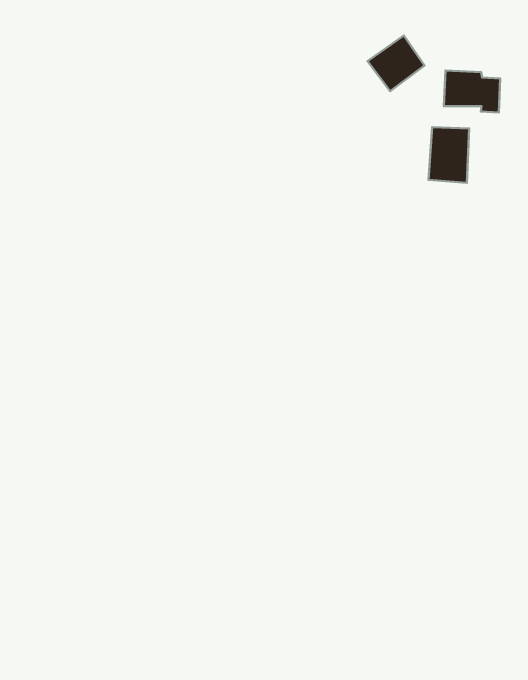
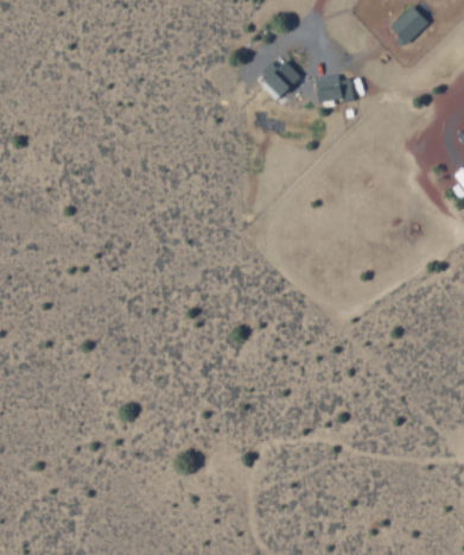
building: [429,127,469,183] -> none

